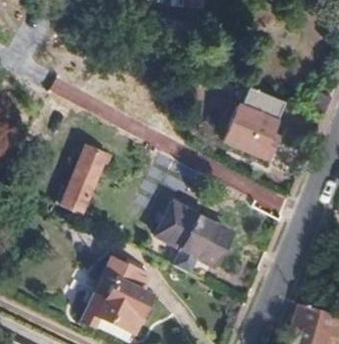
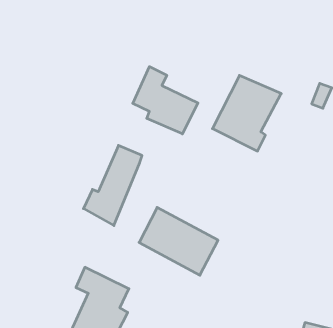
building: none -> [133,67,198,134]
building: [51,146,104,217] -> [83,145,142,226]

